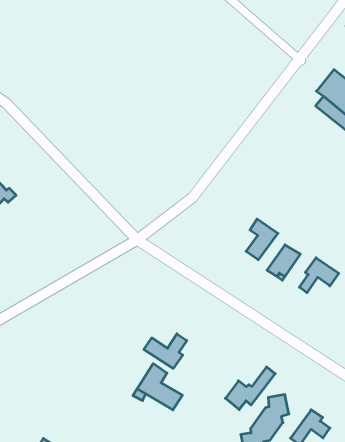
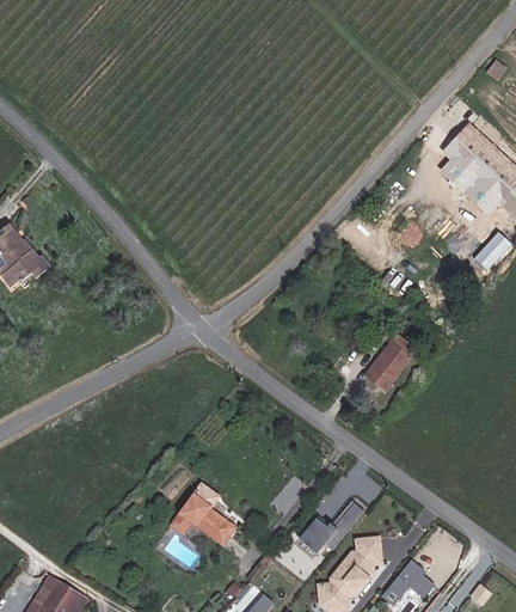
building: [246,219,278,260] -> none
building: [299,258,339,293] -> none
building: [144,334,187,368] -> none

